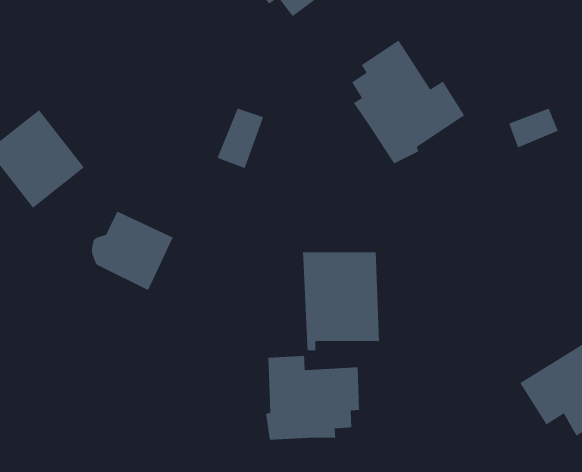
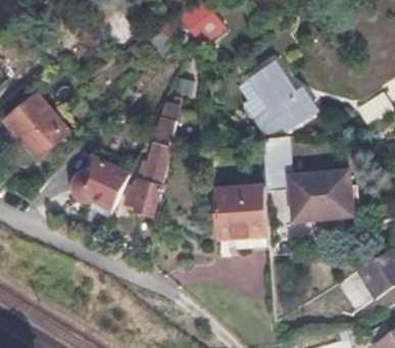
building: none -> [263,134,347,221]
building: none -> [127,149,171,204]
building: [265,355,360,440] -> none

